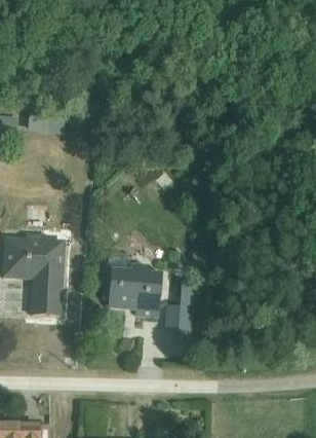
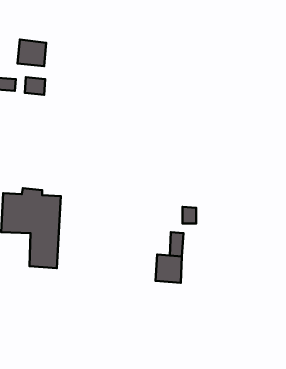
building: none -> [17,39,46,66]
building: [105,253,163,316] -> none

